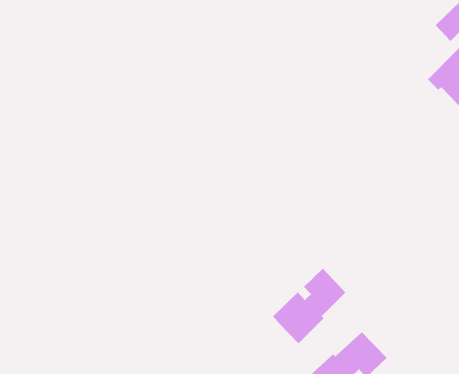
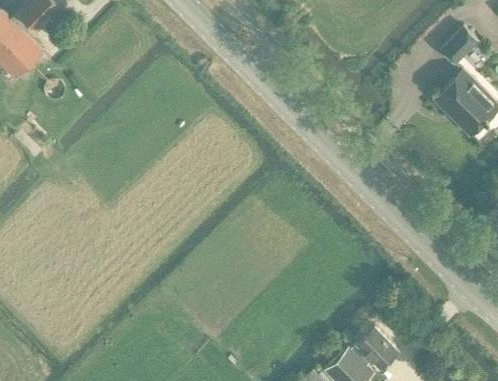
building: [272,268,346,344] -> none

